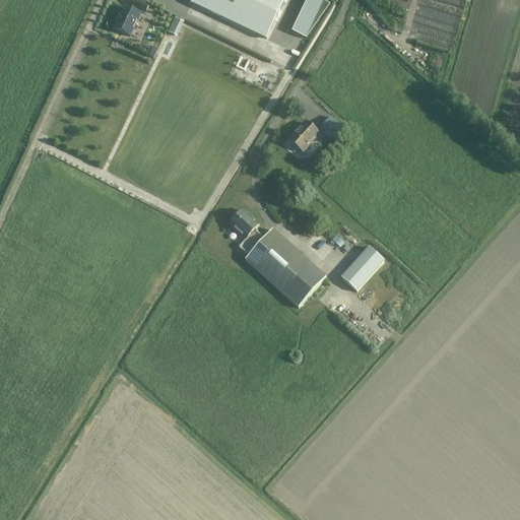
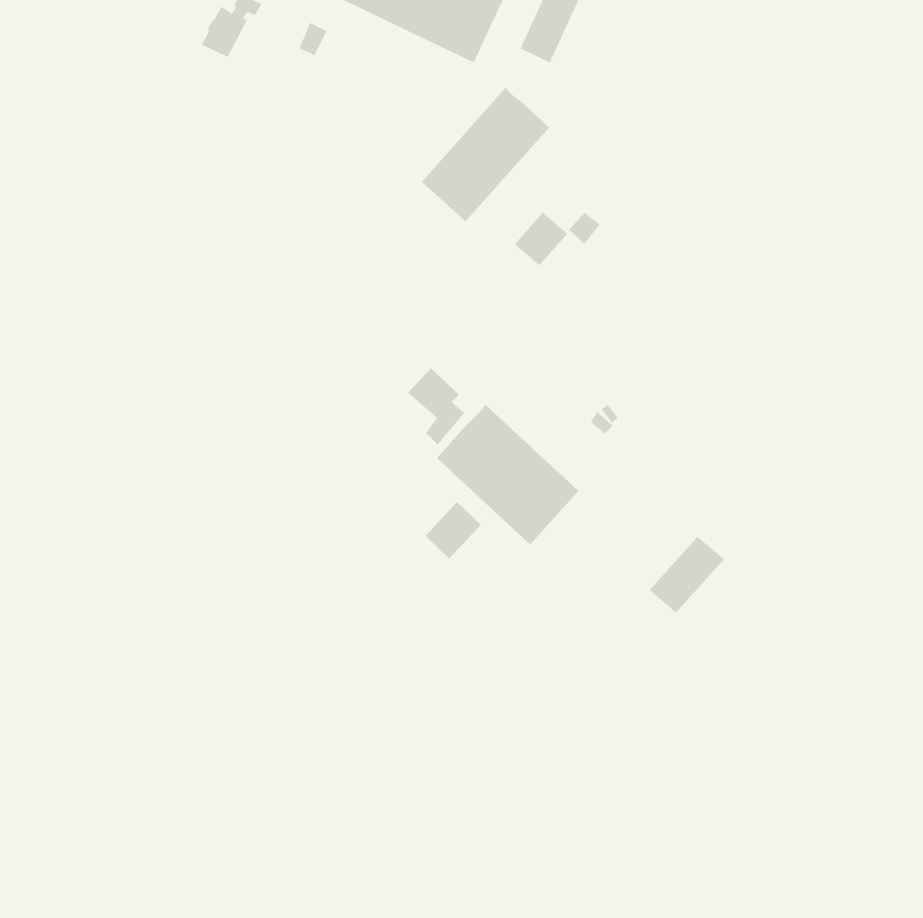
building: none -> [421,87,550,222]
building: [340,245,383,288] -> [649,536,725,614]
building: none -> [425,501,481,560]

